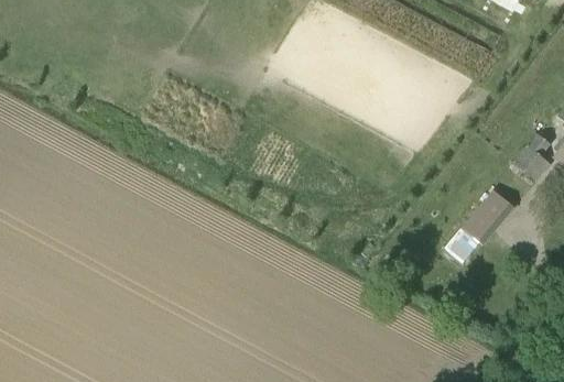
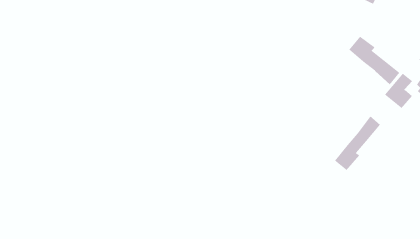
building: none -> [348,36,400,85]

